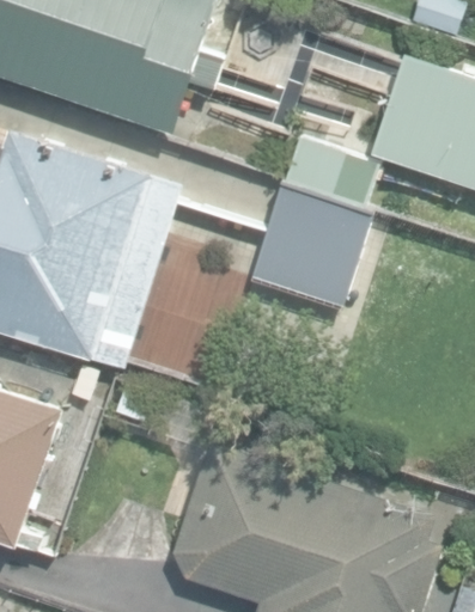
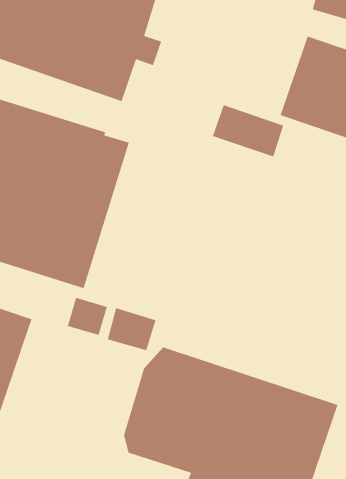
building: [251,184,372,307] -> none

